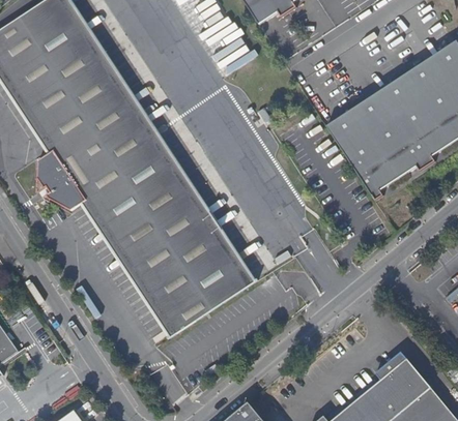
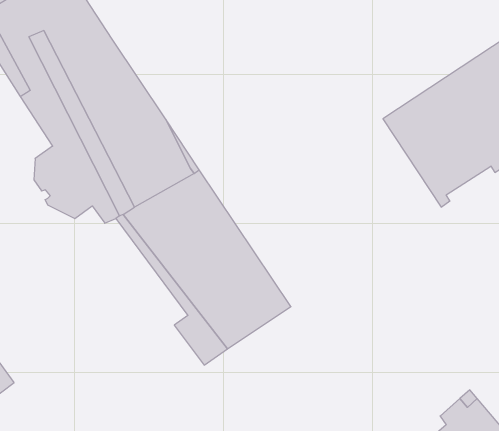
building: [93,209,176,333] -> none

